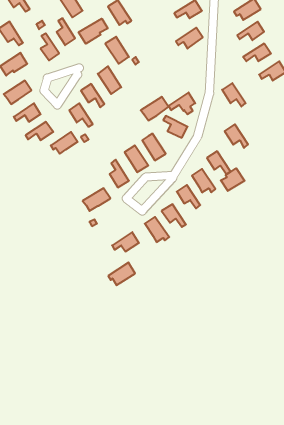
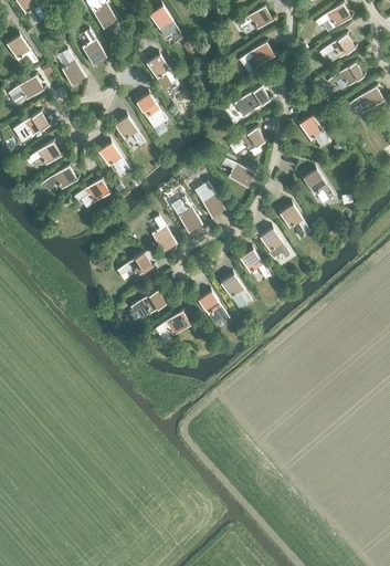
building: [79,19,108,44] -> none
building: [141,97,169,120] -> [233,86,270,117]
building: [221,168,245,191] -> none
building: [108,262,135,285] -> [130,290,166,319]

